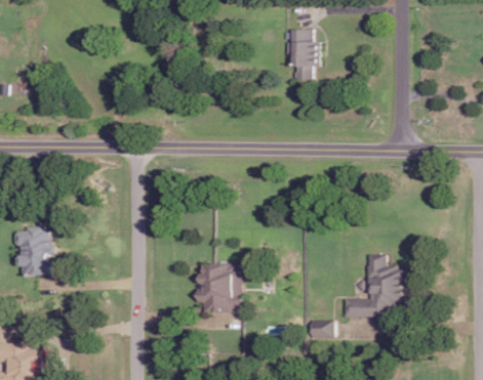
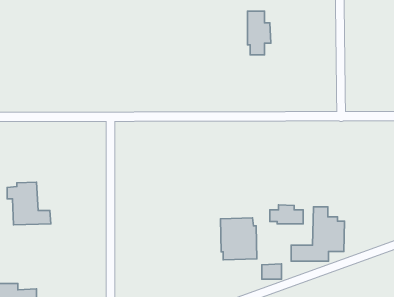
building: none -> [270,205,303,224]
building: [199,263,241,311] -> [220,218,257,260]

